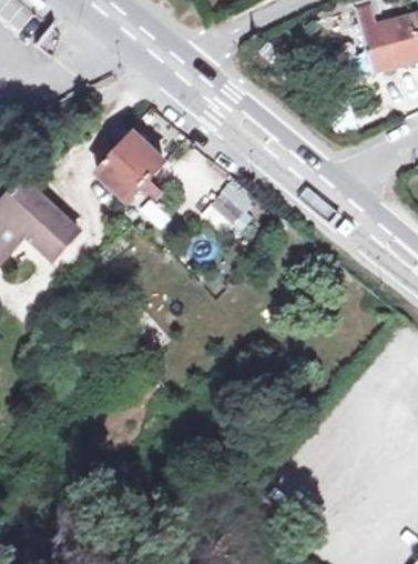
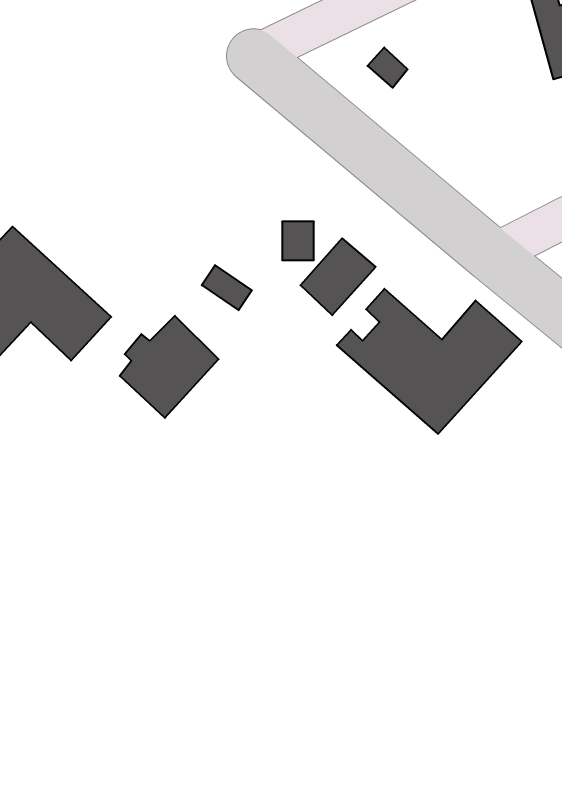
building: [99,133,164,201] -> [120,316,219,418]
building: none -> [337,289,522,434]

